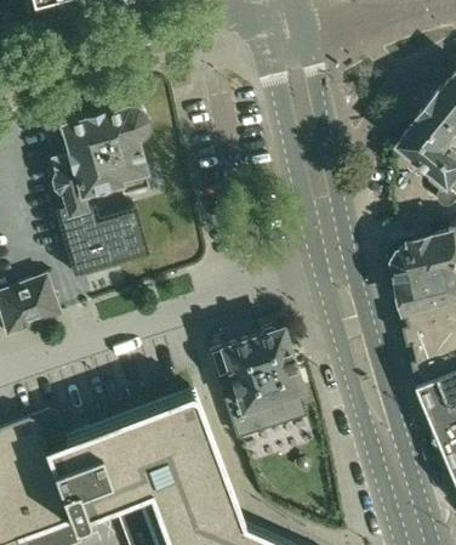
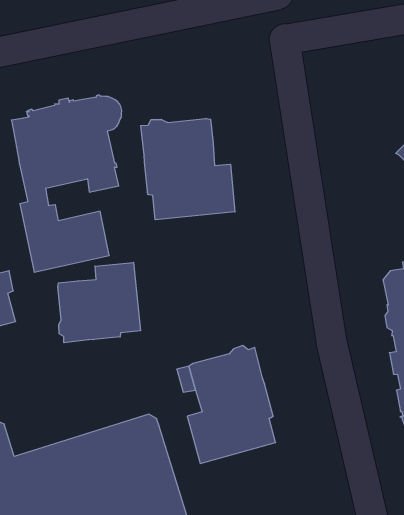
building: none -> [141,118,235,220]
building: none -> [58,262,140,343]

